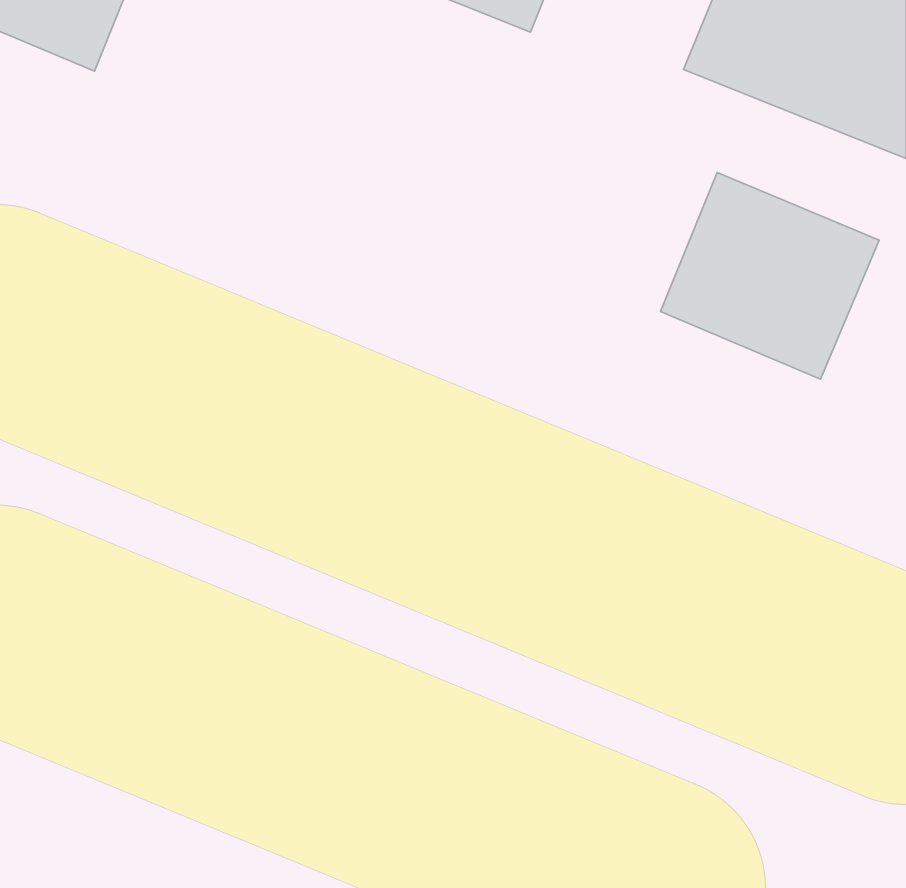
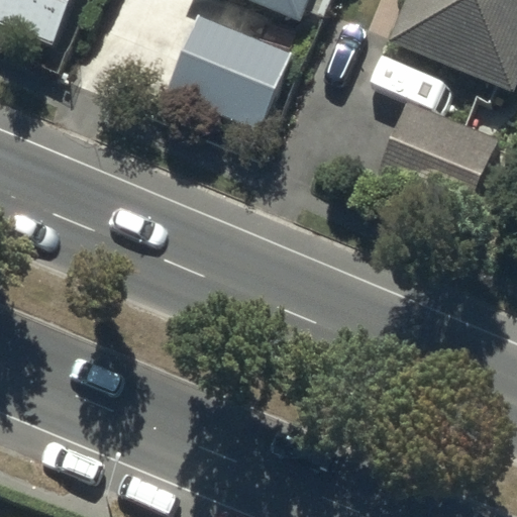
building: none -> [167,11,293,128]

